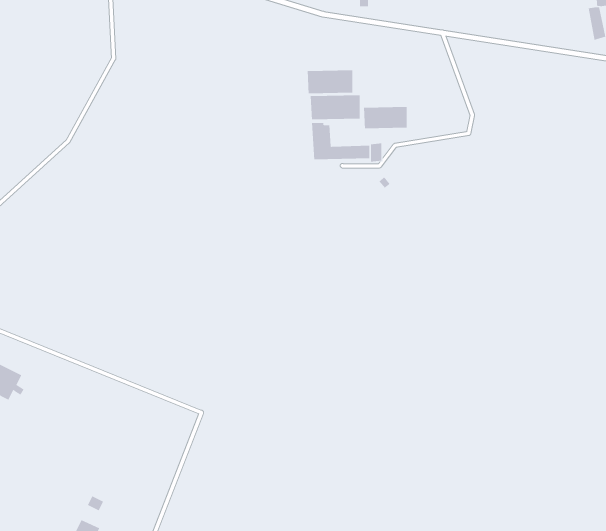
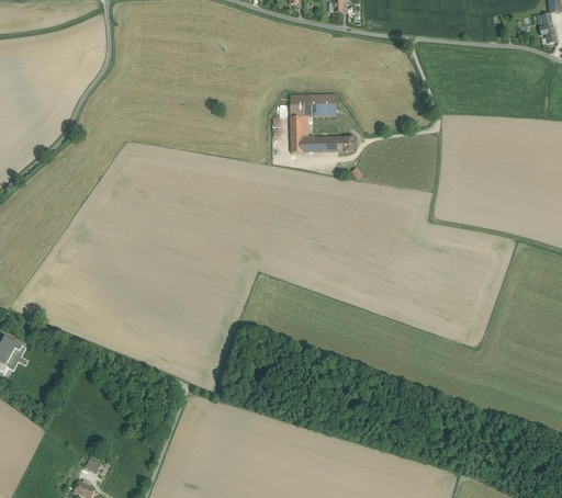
building: [307,69,353,94] -> none
building: [364,106,407,129] -> none

